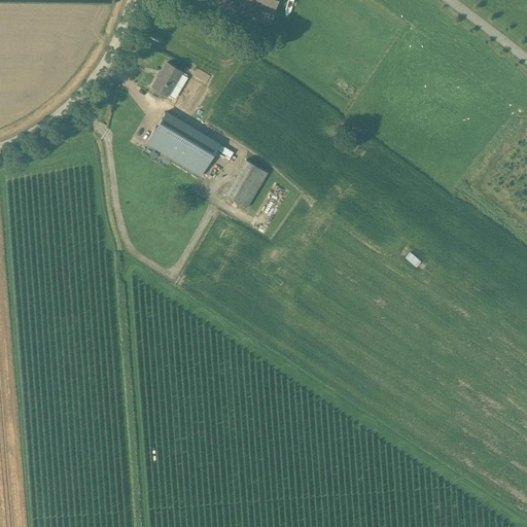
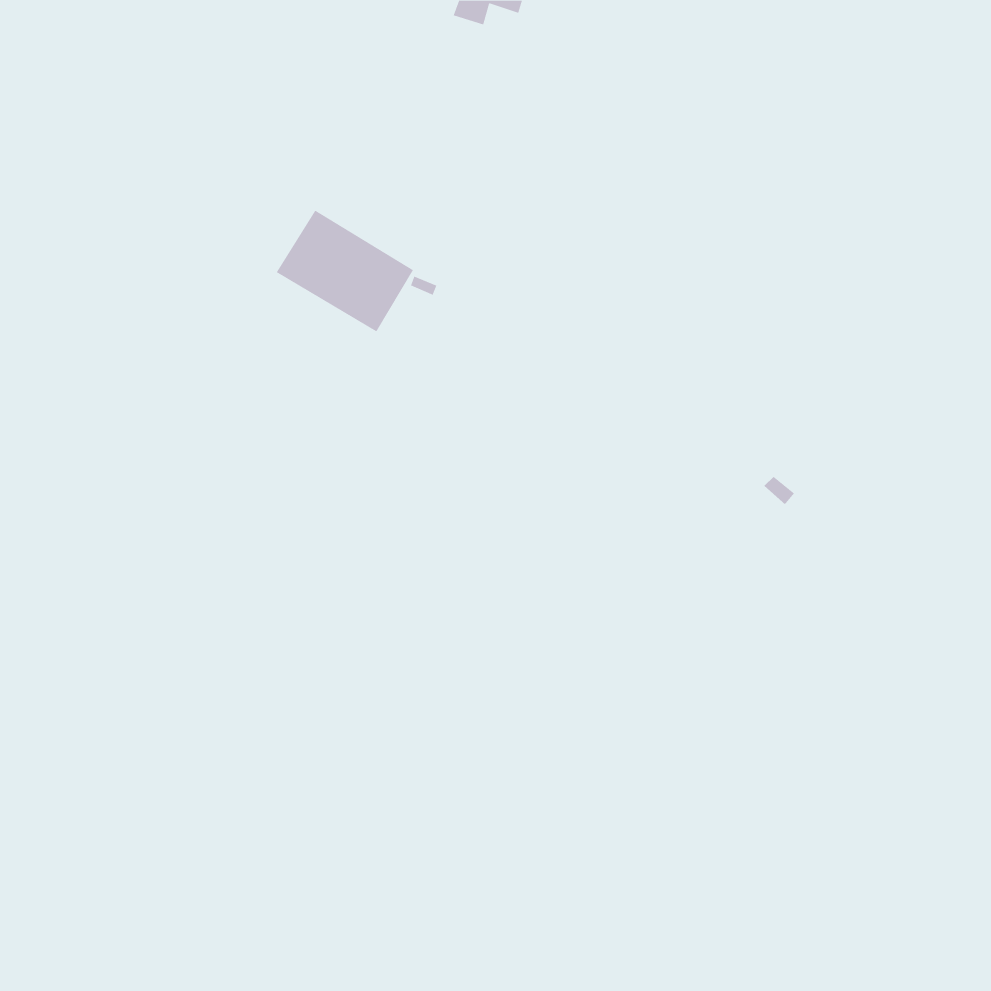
building: [153,64,182,97] -> none
building: [225,161,269,209] -> none

